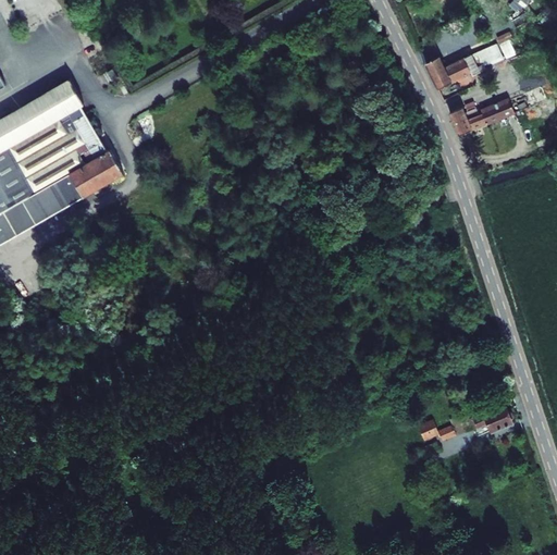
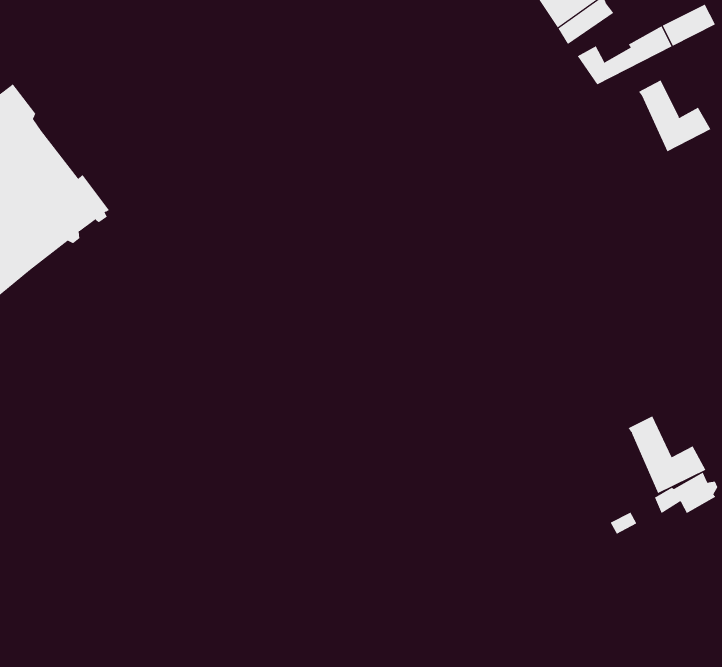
building: none -> [638,79,711,152]
building: none -> [628,415,706,494]

